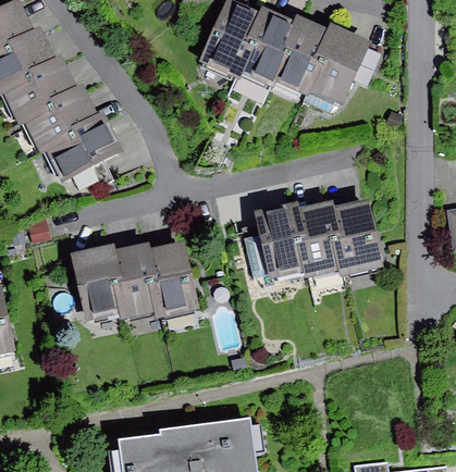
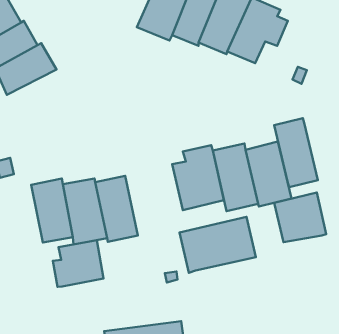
building: [41,113,122,189] -> none
building: none -> [274,118,318,187]
building: none -> [274,193,326,242]
building: none -> [180,217,256,273]
building: none -> [53,240,104,287]

